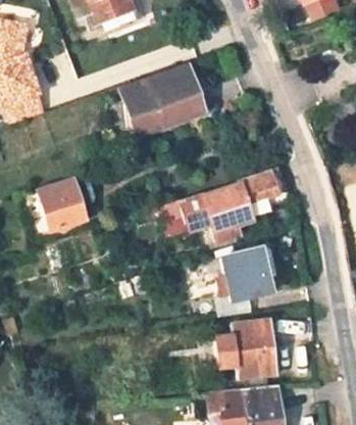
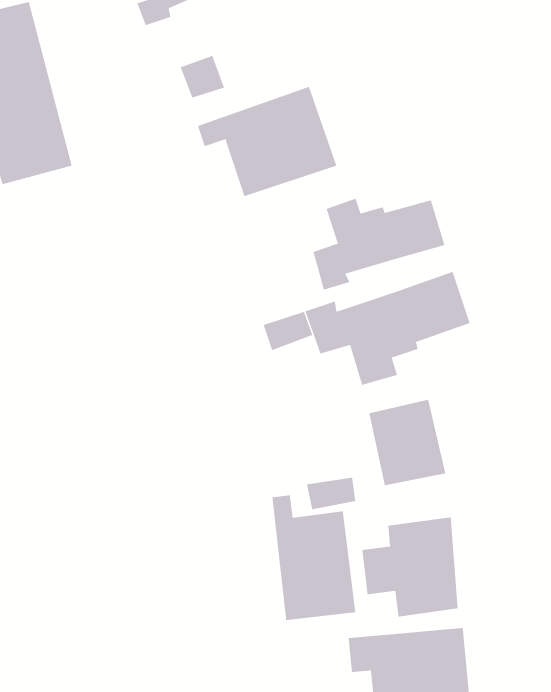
building: none -> [313,198,445,290]
building: [39,181,85,231] -> none
building: none -> [272,494,356,621]

